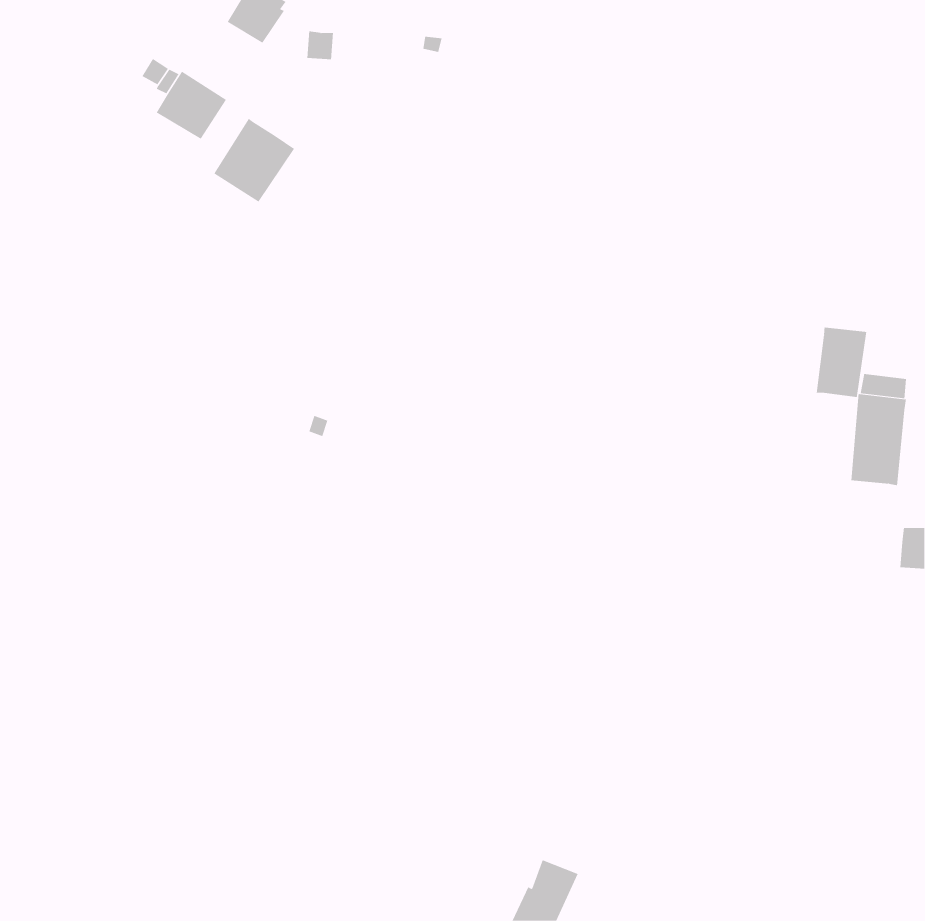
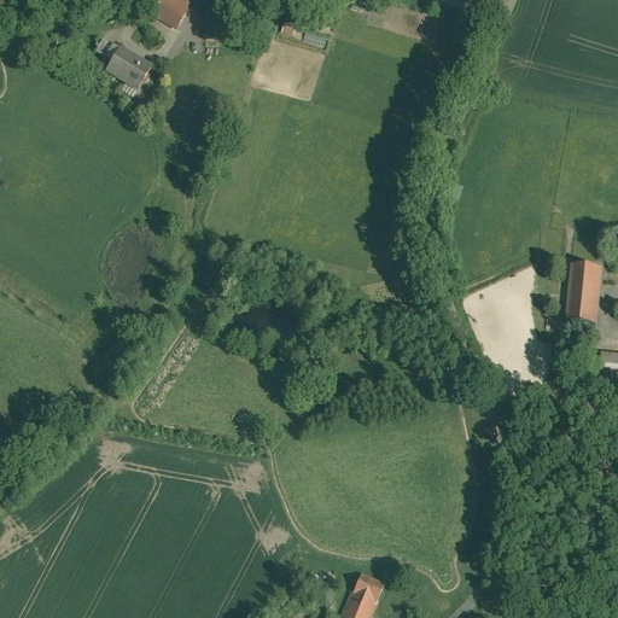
building: [214,118,295,202] -> none
building: [816,327,867,398] -> none

